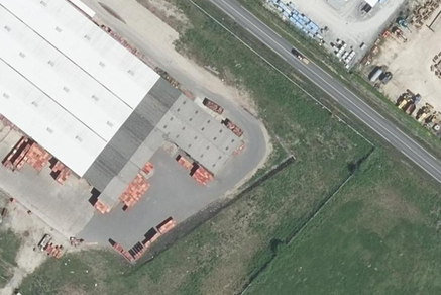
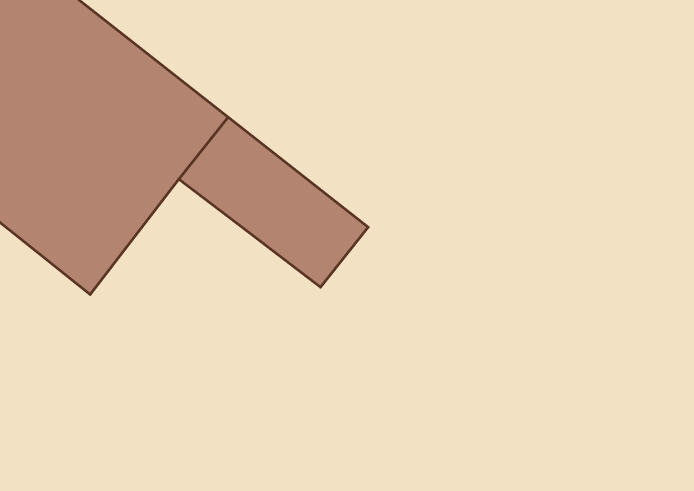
building: [79,109,162,200] -> none

